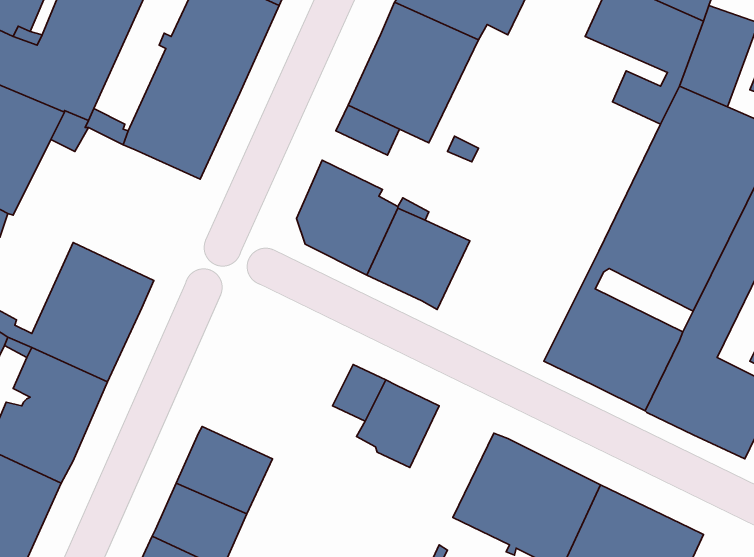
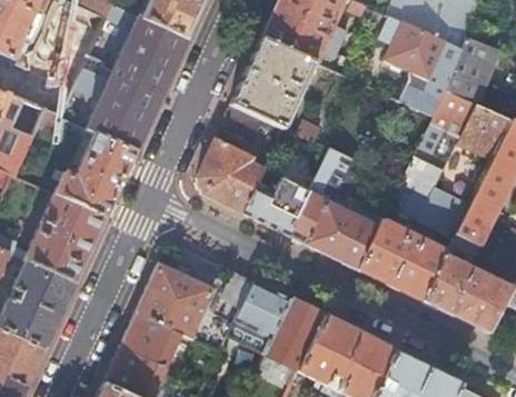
building: none -> [52,132,136,217]
building: none -> [289,149,394,269]
building: none -> [137,264,215,338]
building: none -> [264,298,326,377]

